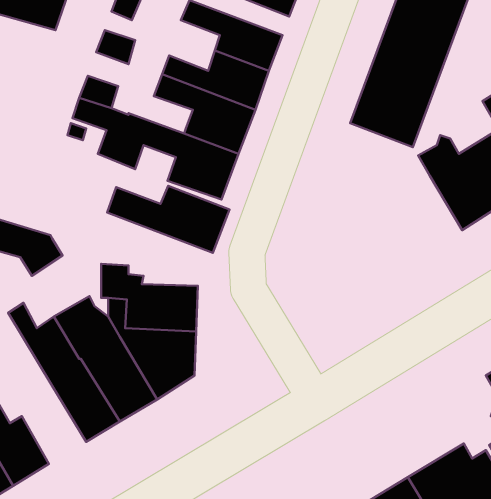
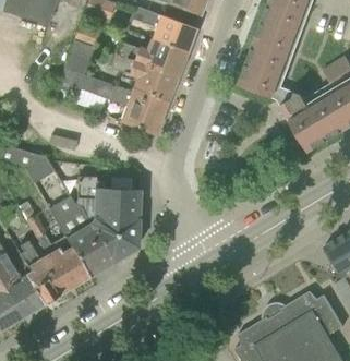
building: [107,186,229,253] -> none
building: none -> [20,242,69,304]

